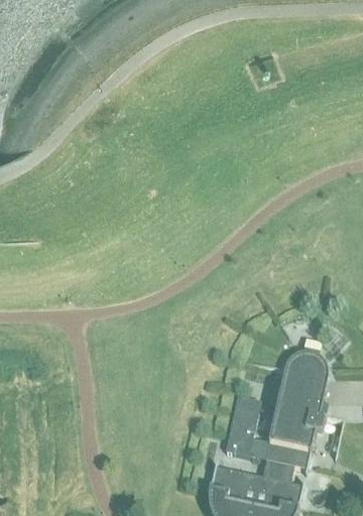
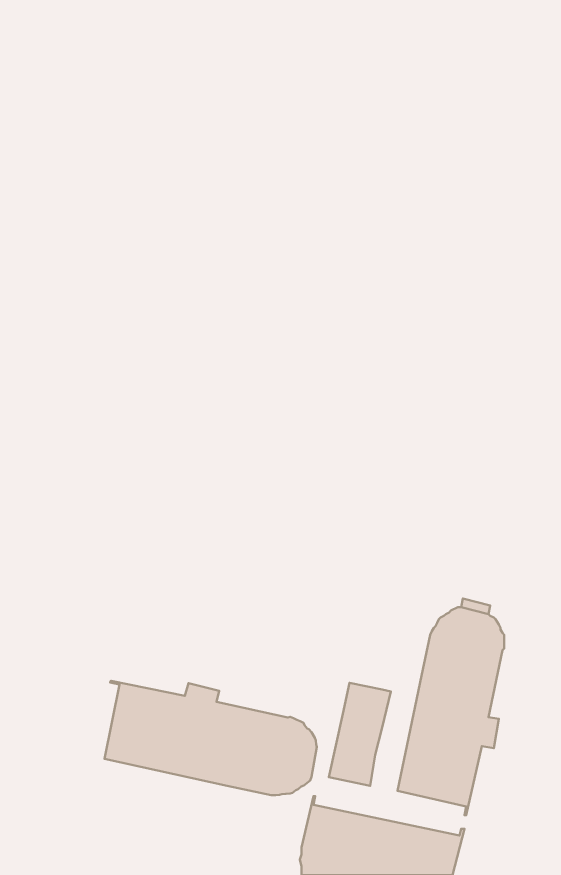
building: none -> [104,681,317,795]

